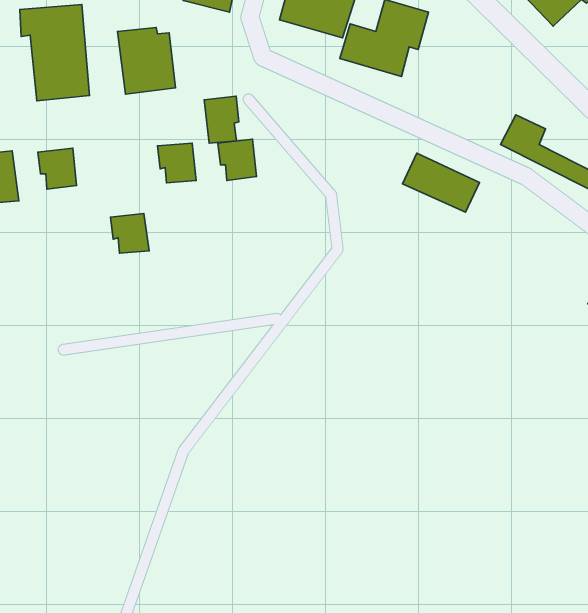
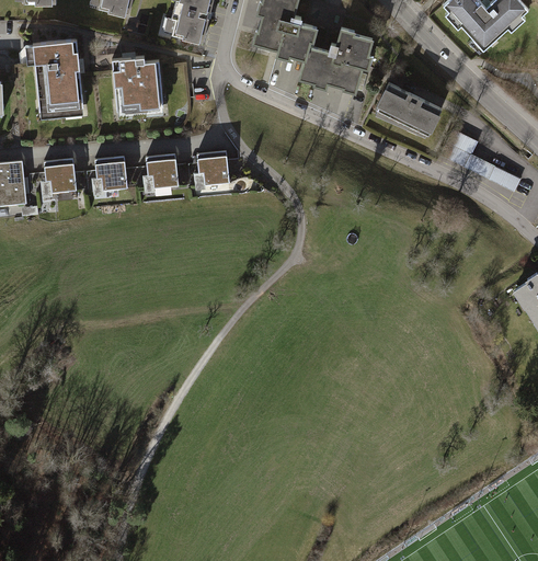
building: [204,96,239,143] -> none
building: [403,153,480,212] -> [371,85,437,136]
building: [111,213,149,253] -> [94,154,127,188]

